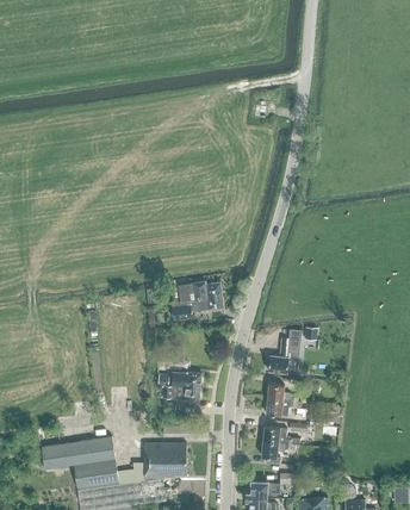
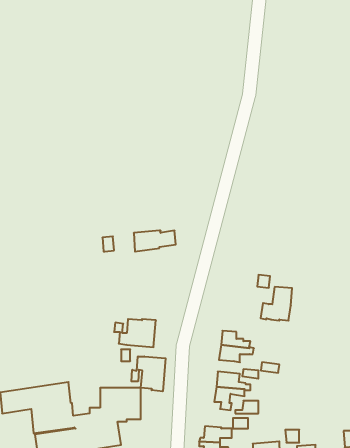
building: [172,296,223,319] -> none
building: [268,338,300,373] -> [261,287,292,321]
building: none -> [131,356,166,391]

